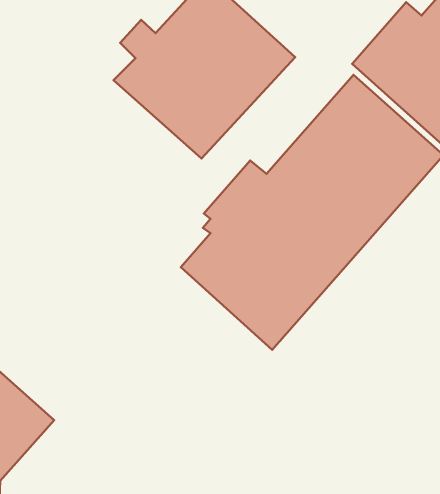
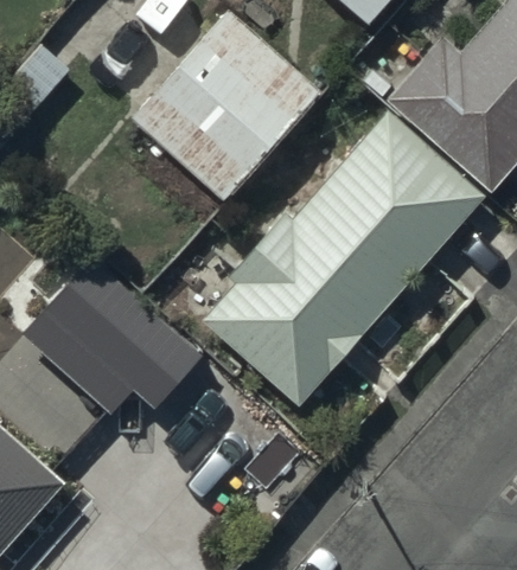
building: none -> [52,273,213,438]

